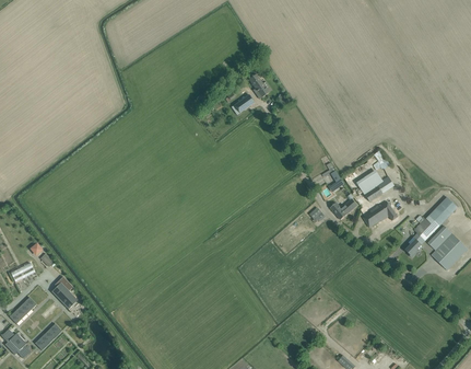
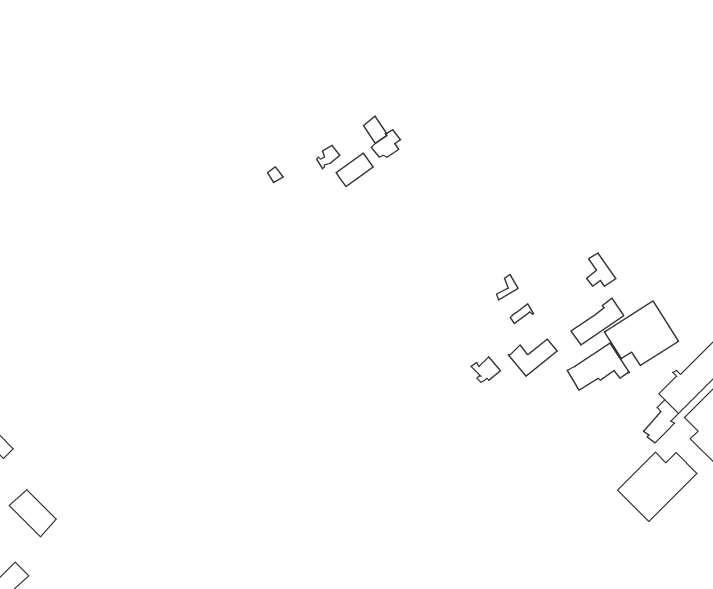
building: none -> [604,301,678,366]
building: none -> [618,452,697,521]

